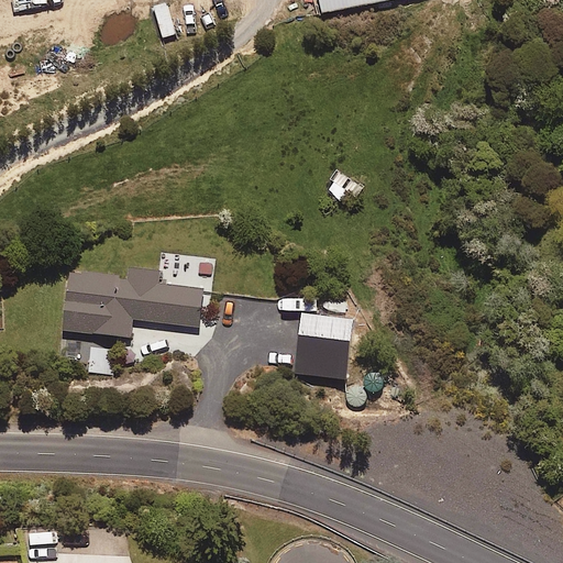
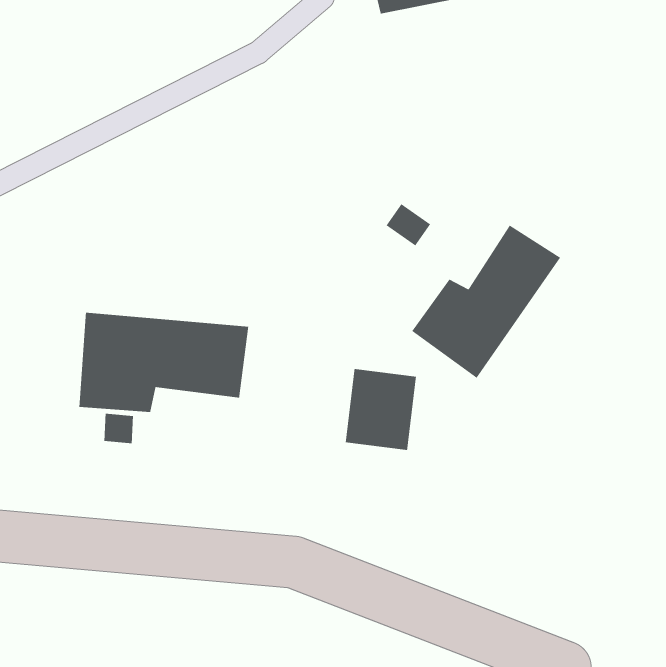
building: none -> [411,225,561,379]

